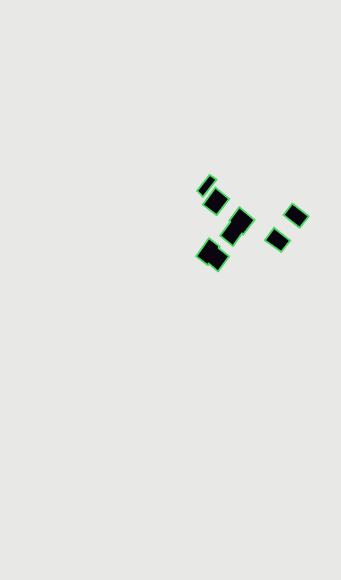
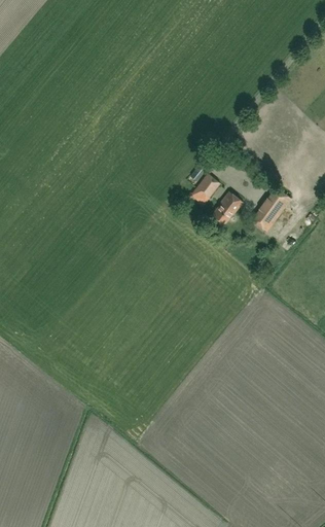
building: [196,238,229,271] -> none

